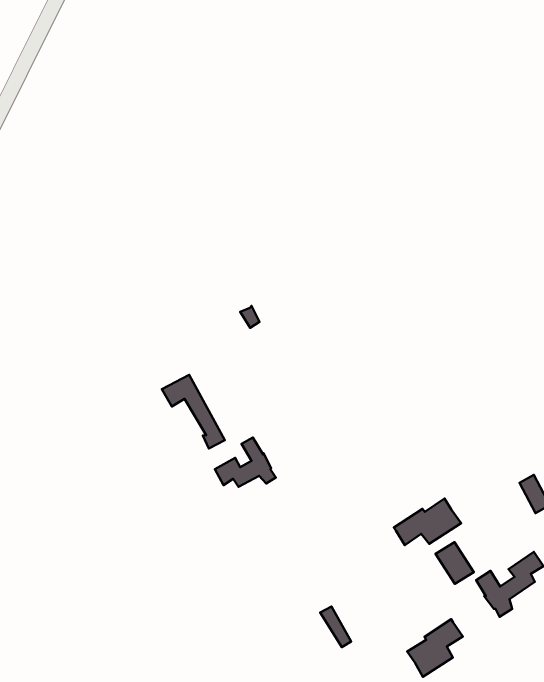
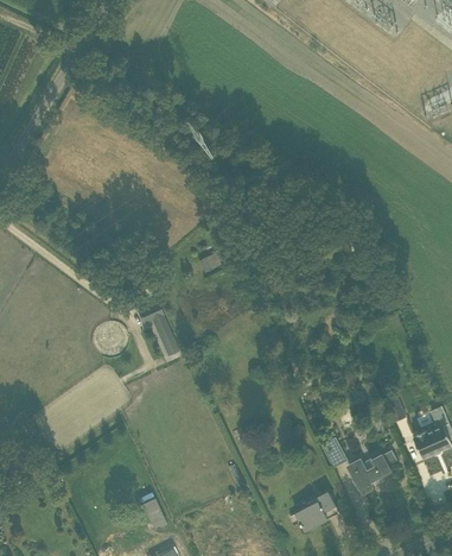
building: [215,437,276,487] -> none
building: [394,499,461,545] -> none

